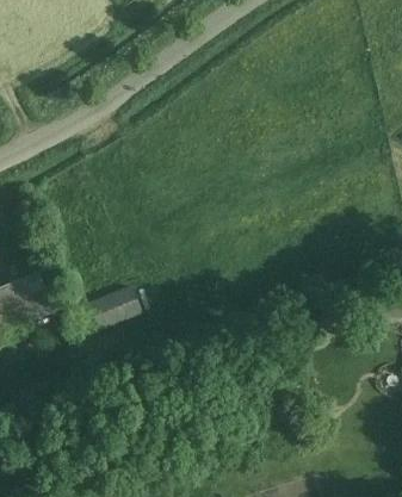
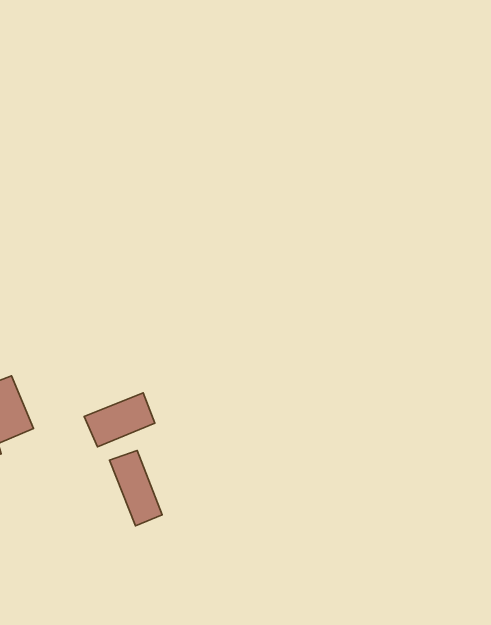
building: none -> [109,451,162,526]

